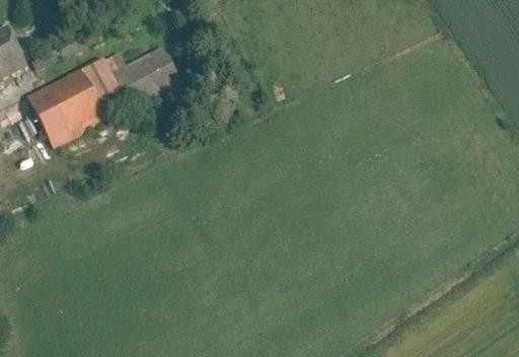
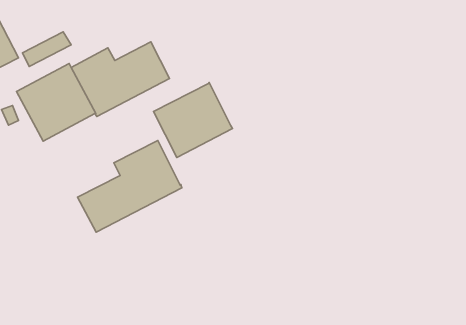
building: none -> [153,83,233,158]
building: none -> [78,141,182,232]

